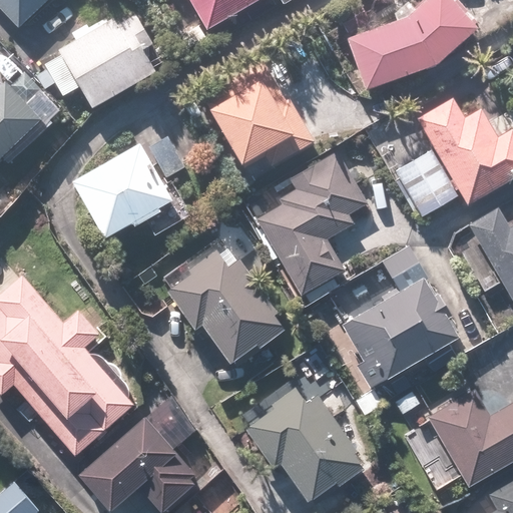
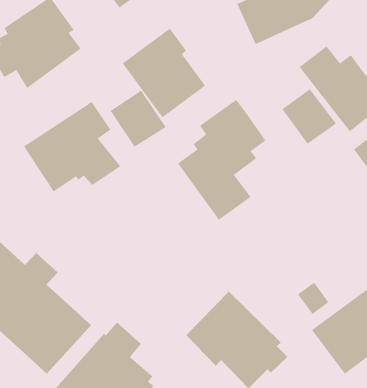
building: none -> [110,90,166,148]
building: [170,251,283,362] -> none
building: [333,263,462,390] -> none

